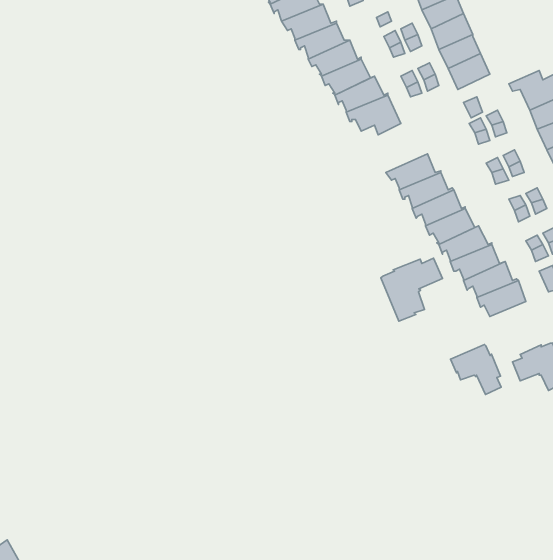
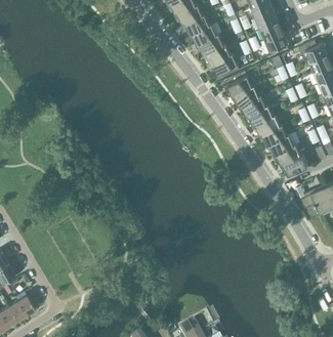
building: none -> [224,72,254,97]
building: [381,258,443,321] -> none
building: [450,345,501,395] -> none

